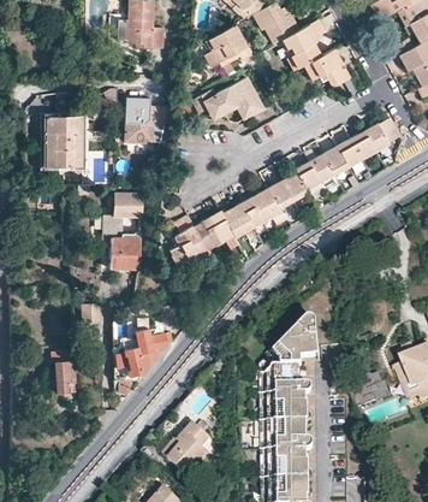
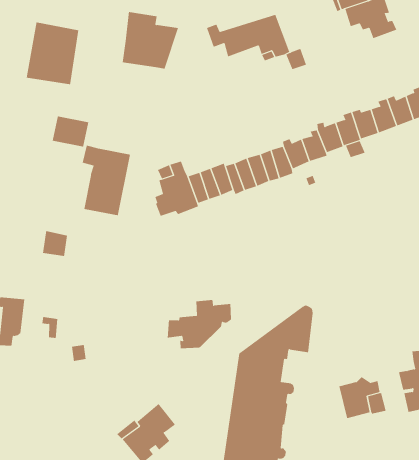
building: [114,193,143,215] -> [52,116,89,147]
building: [114,330,167,376] -> [167,299,232,349]

